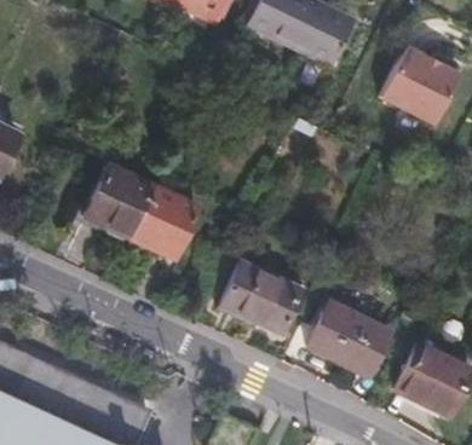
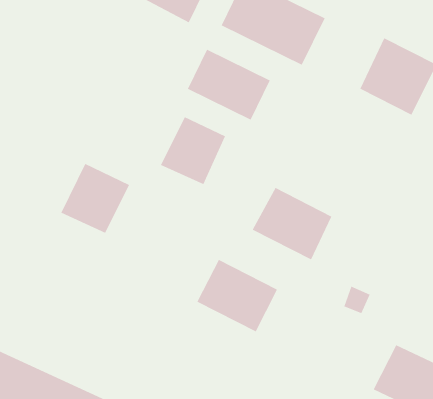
building: none -> [187,49,271,121]
building: [131,189,196,256] -> [160,117,226,185]
building: [309,304,388,376] -> [252,187,332,260]

